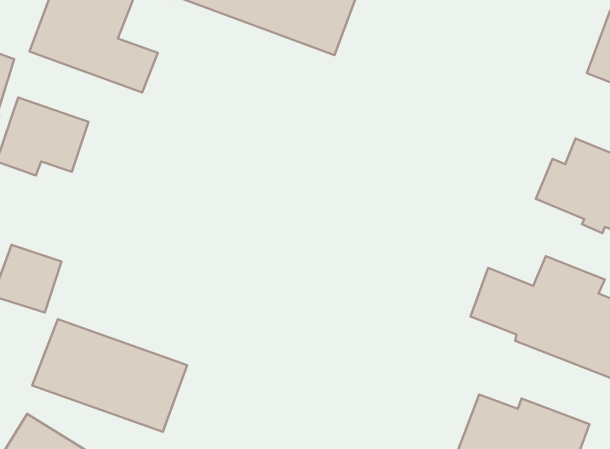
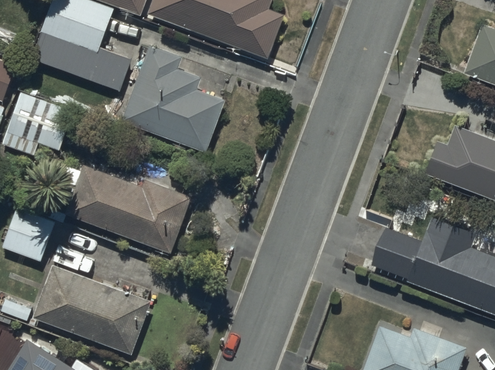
building: none -> [120,45,226,155]
building: none -> [72,169,193,253]

